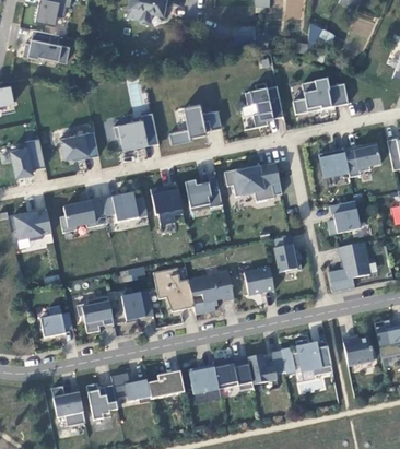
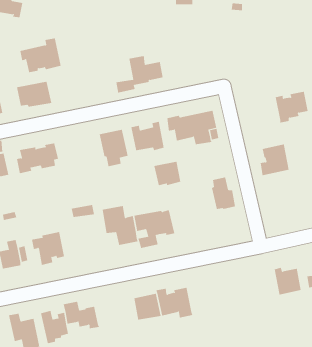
building: [292,78,348,114] -> none
building: [245,83,283,126] -> none
building: [113,111,158,150] -> [20,38,61,73]
building: [318,149,349,178] -> none
building: [102,192,146,222] -> none
building: [328,241,369,292] -> none
building: [243,267,273,294] -> [153,161,181,186]
building: [120,291,153,322] -> none
building: [291,338,332,375] -> none
building: [247,350,284,385] -> none
building: [146,371,184,399] -> none

